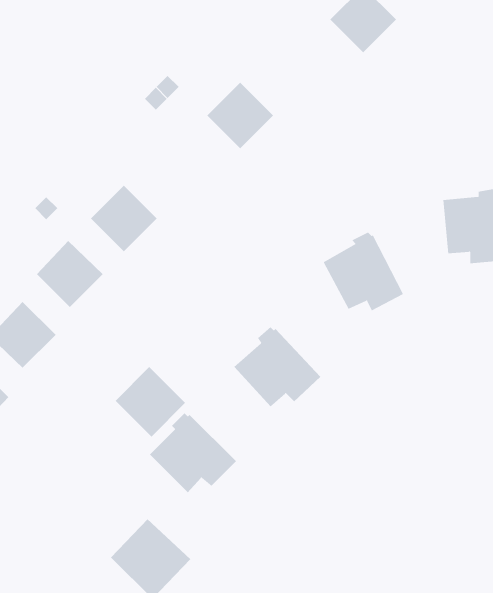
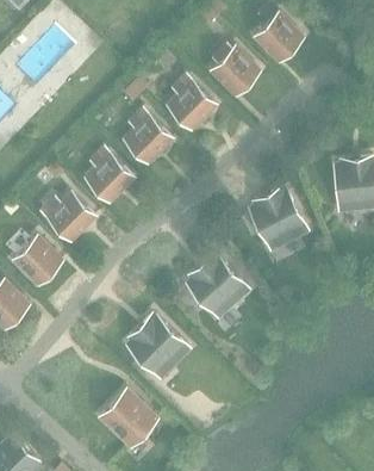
building: none -> [211,49,258,97]
building: none -> [123,116,170,163]
building: [115,366,186,437] -> none

